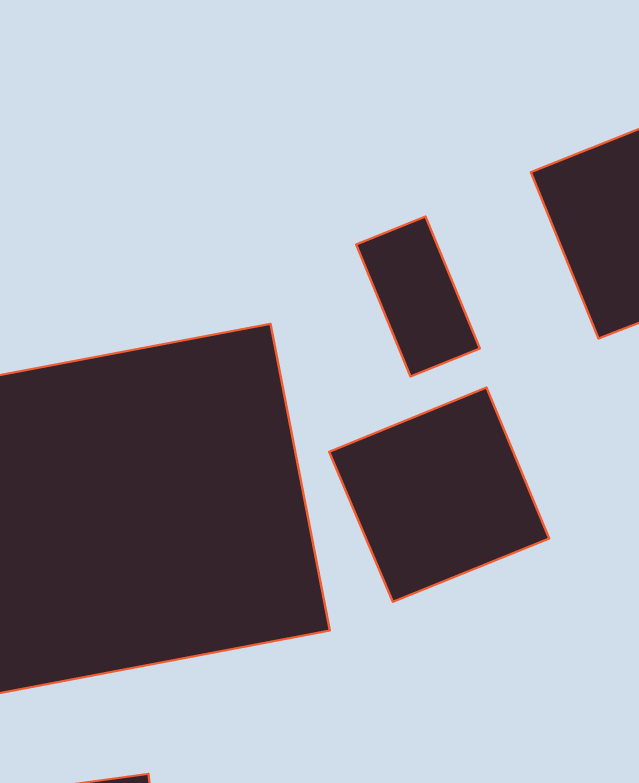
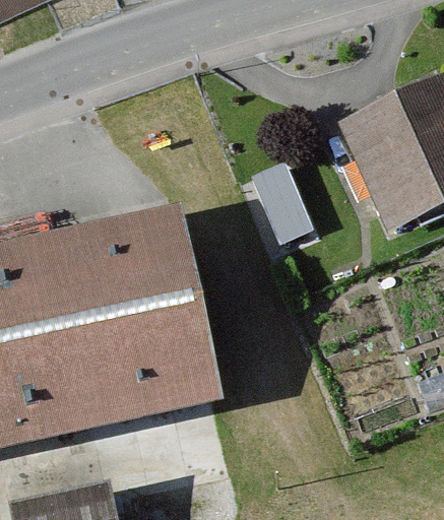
building: [329,387,549,602] -> none

